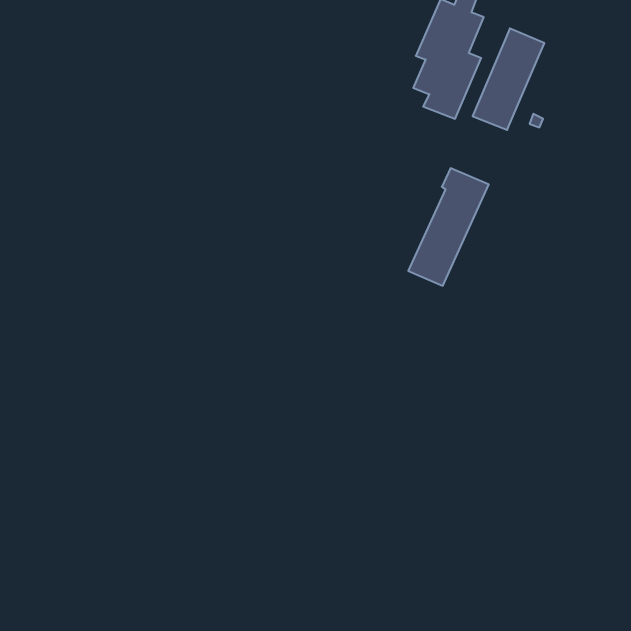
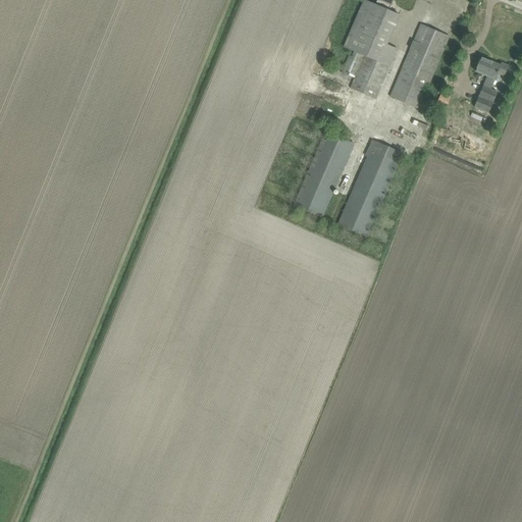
building: none -> [473,56,508,112]
building: none -> [293,129,354,217]

